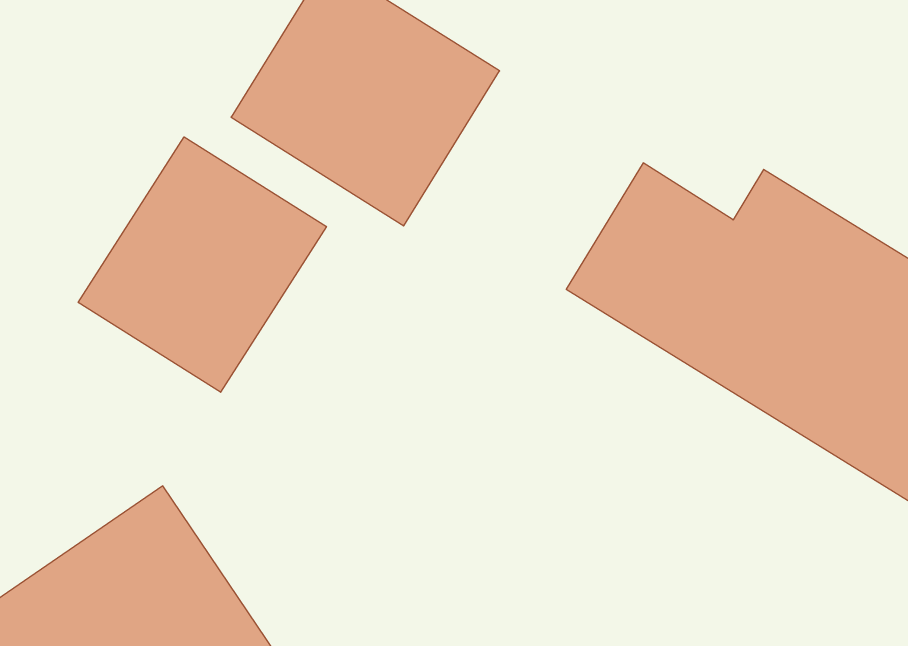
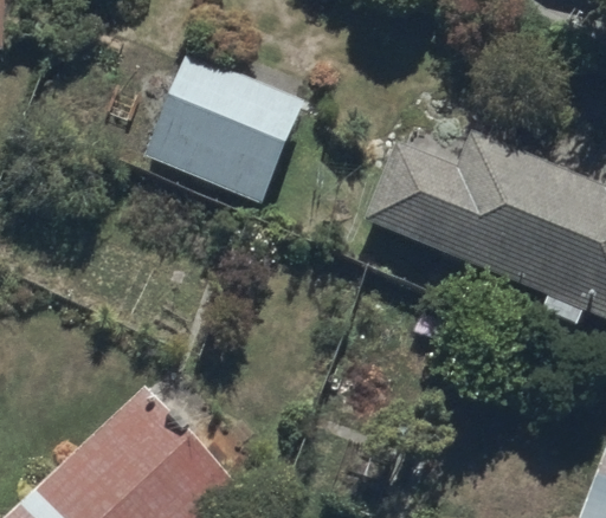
building: [78,137,326,392] -> none

